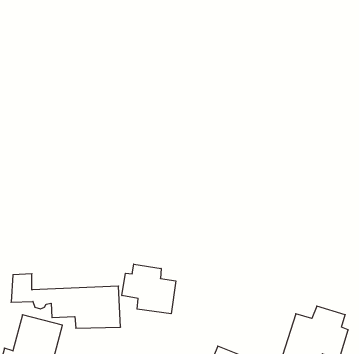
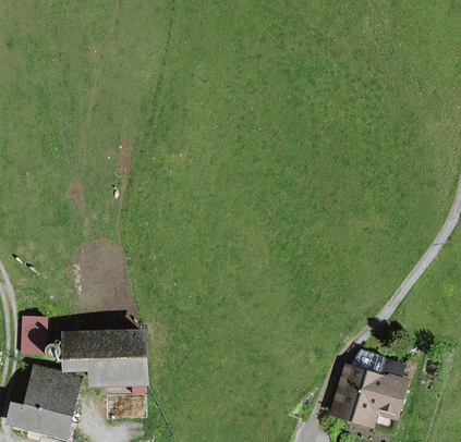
building: [122,264,176,314] -> none

